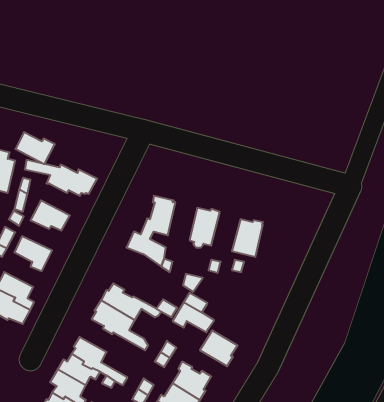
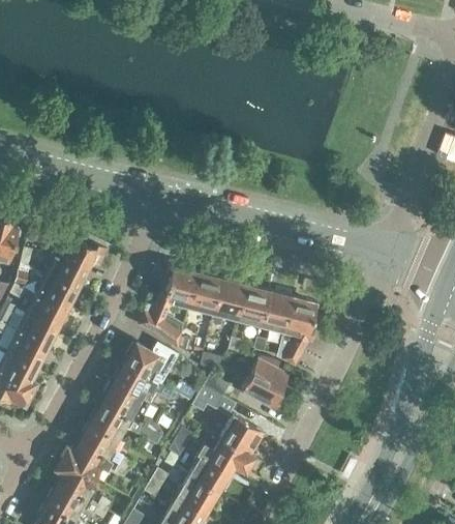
building: [15,132,55,164] -> [47,253,90,288]
building: none -> [186,273,218,315]
building: none -> [234,286,267,327]
building: none -> [26,293,69,326]
building: none -> [278,298,316,363]
building: none -> [6,328,48,367]
building: none -> [126,342,179,384]
building: none -> [242,360,289,408]
building: none -> [89,402,161,443]
building: none -> [202,436,255,470]

